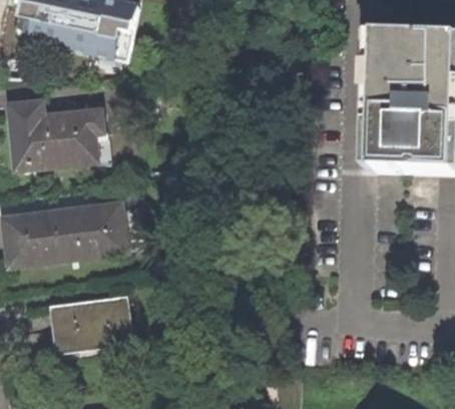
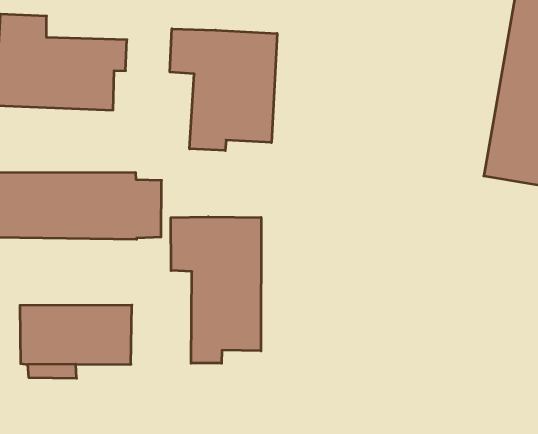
building: none -> [170,29,277,151]
building: none -> [171,217,261,363]

